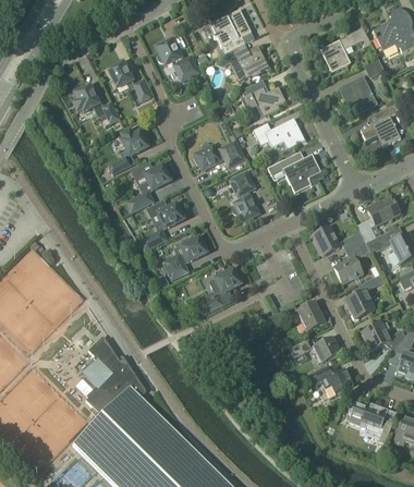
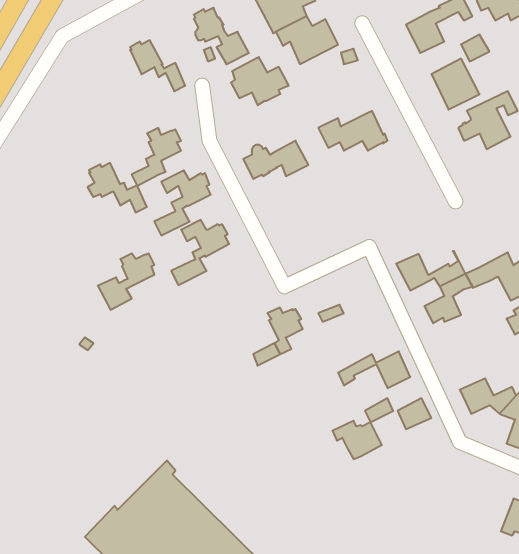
building: [241,80,285,117] -> [231,57,289,105]
building: [73,85,119,123] -> [88,163,147,213]
building: [267,153,322,191] -> none
building: [229,171,258,222] -> none
building: [357,197,400,242] -> none
building: [162,236,206,280] -> [98,253,154,310]
building: [346,278,376,318] -> none
building: [83,339,146,424] -> none
building: [314,367,352,397] -> [332,421,382,459]
building: [348,401,393,443] -> none

